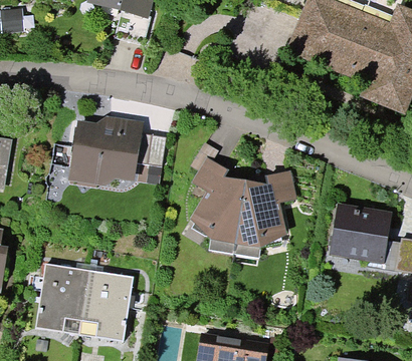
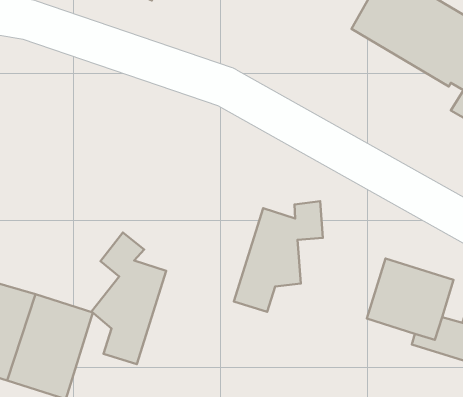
building: [74,121,166,180] -> none
building: [195,160,244,254] -> [92,233,166,364]

